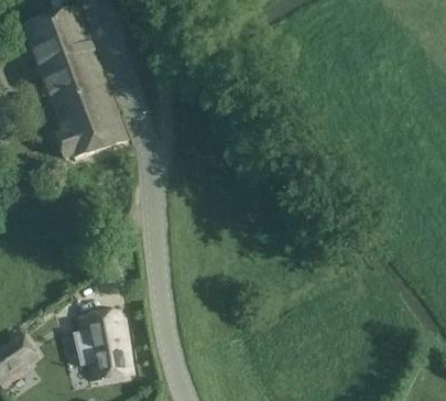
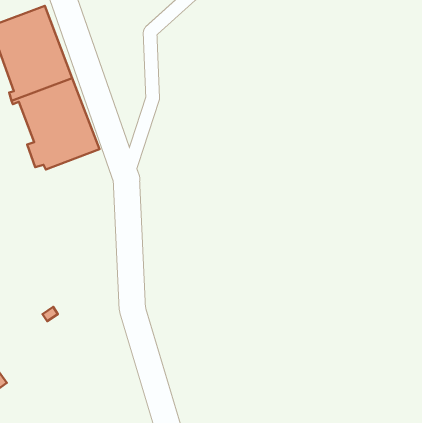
building: [81,310,131,379] -> none

